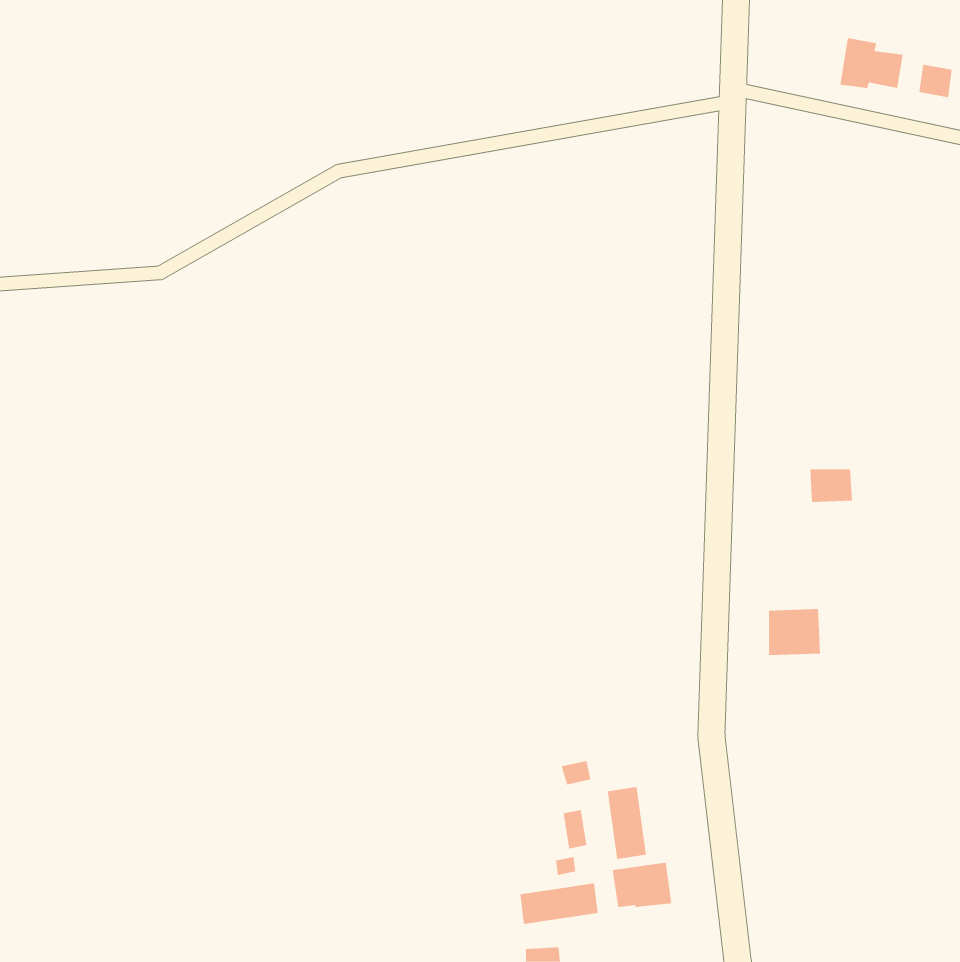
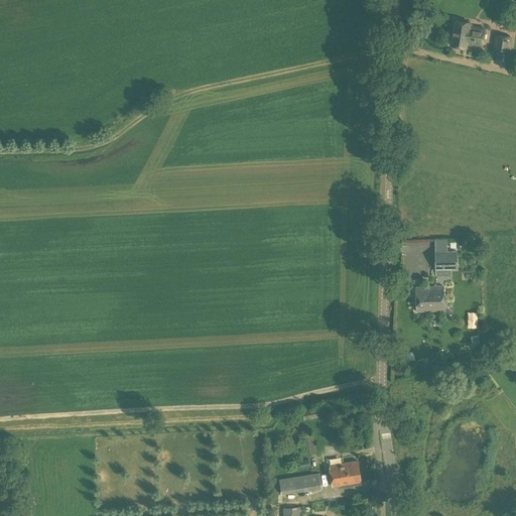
building: [768,609,821,656] -> [415,286,443,311]
building: [607,786,646,860] -> none

